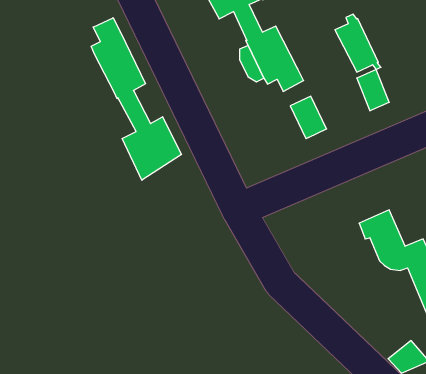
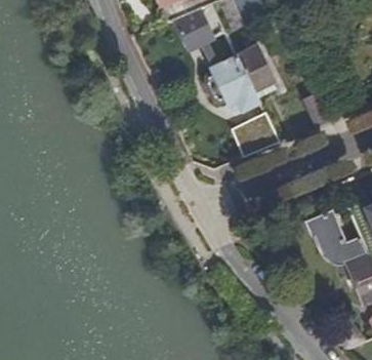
building: [335,14,381,72] -> [236,42,275,91]
building: [91,18,181,180] -> none

